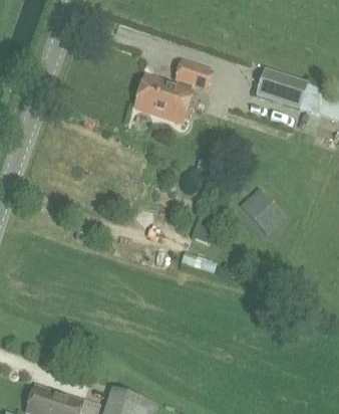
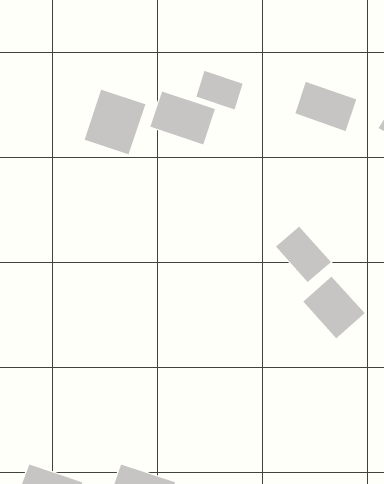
building: none -> [84,89,146,155]
building: none -> [302,276,365,339]

